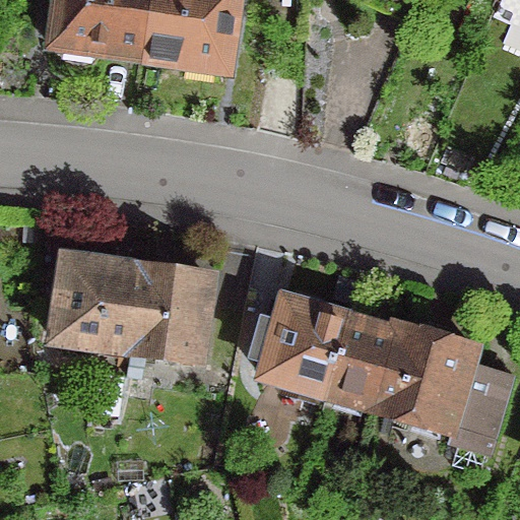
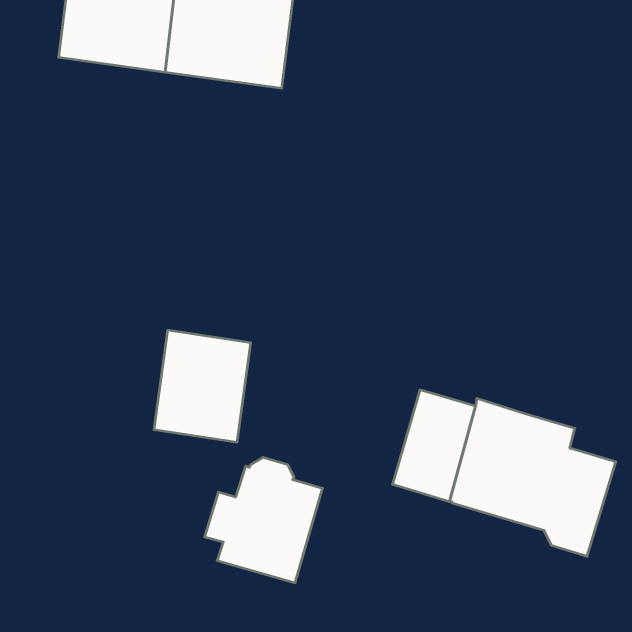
building: [51,260,139,351] -> none
building: [249,294,345,396] -> [205,457,323,583]

